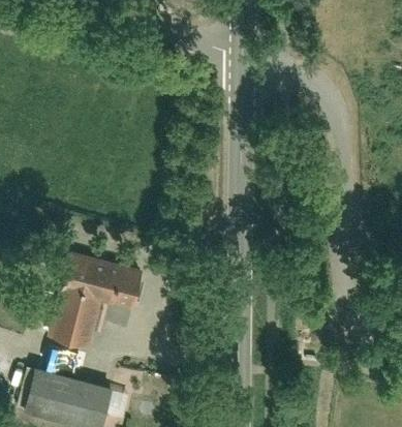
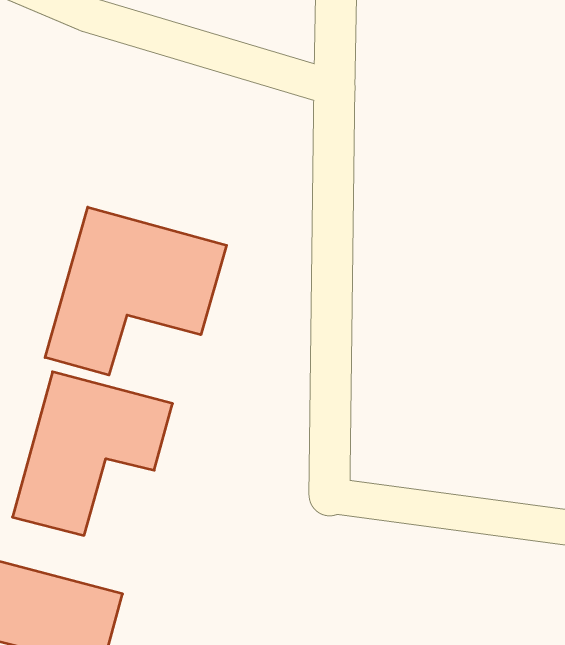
building: none -> [45,207,227,375]

